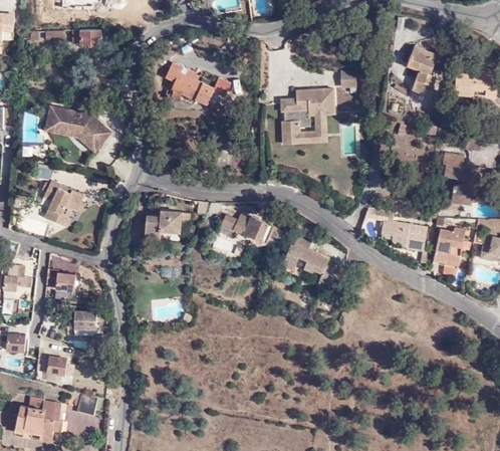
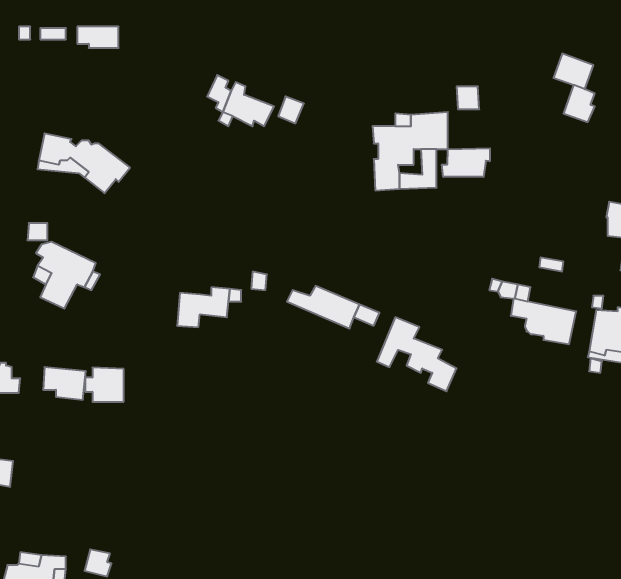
building: none -> [442,148,490,177]
building: [70,312,97,336] -> [85,368,124,402]
building: [38,355,69,376] -> none

